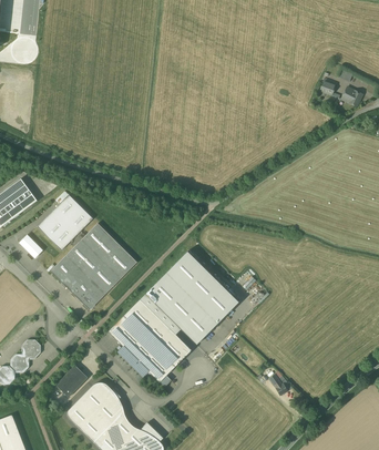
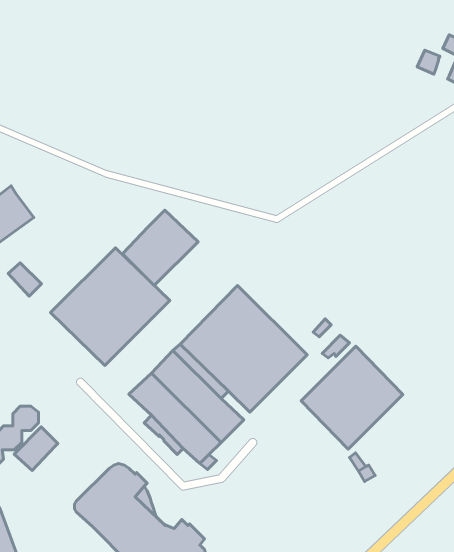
building: [38,194,93,249] -> [123,210,198,286]
building: none -> [301,346,403,449]
building: [55,365,88,397] -> [14,427,58,471]

